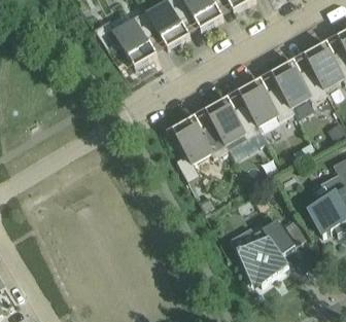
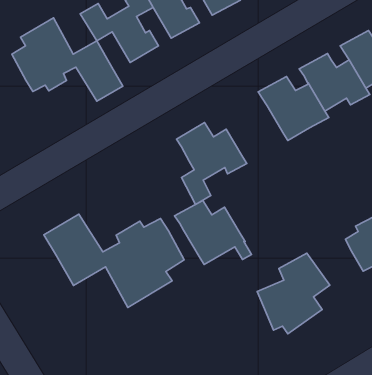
building: none -> [12,18,123,101]
building: [205,97,267,148] -> [175,201,251,265]
building: none -> [44,214,184,307]

